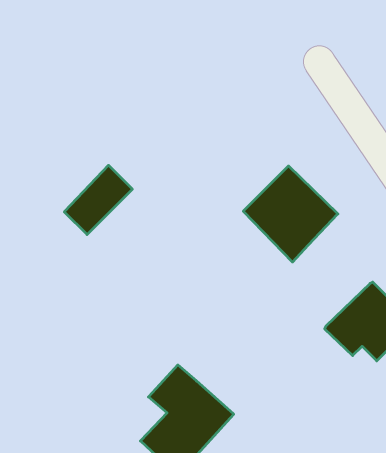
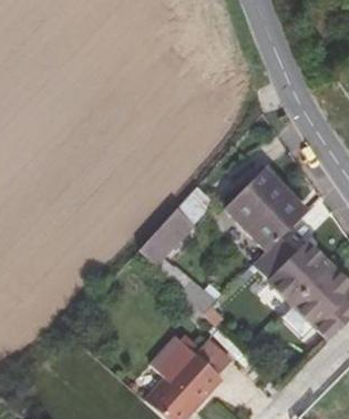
building: [64,165,132,235] -> [138,211,195,268]
building: none -> [254,235,331,306]

